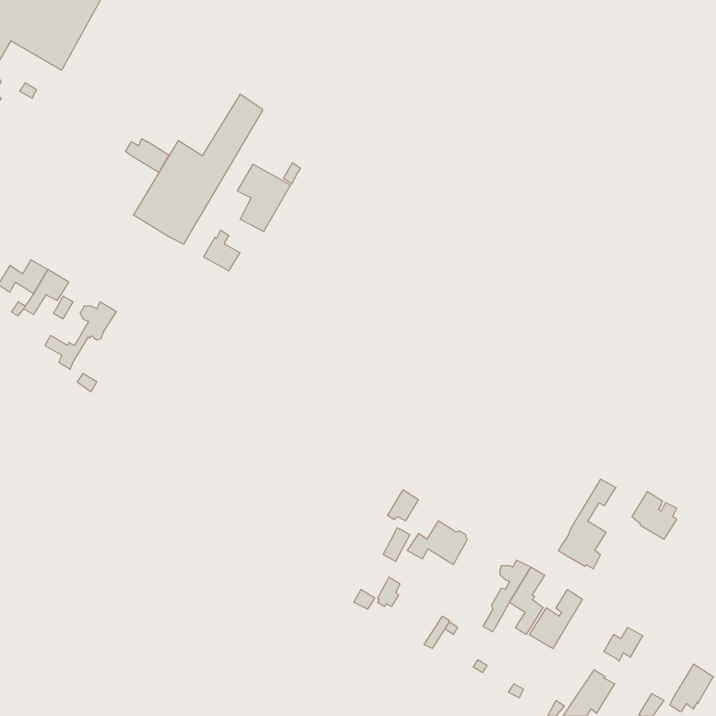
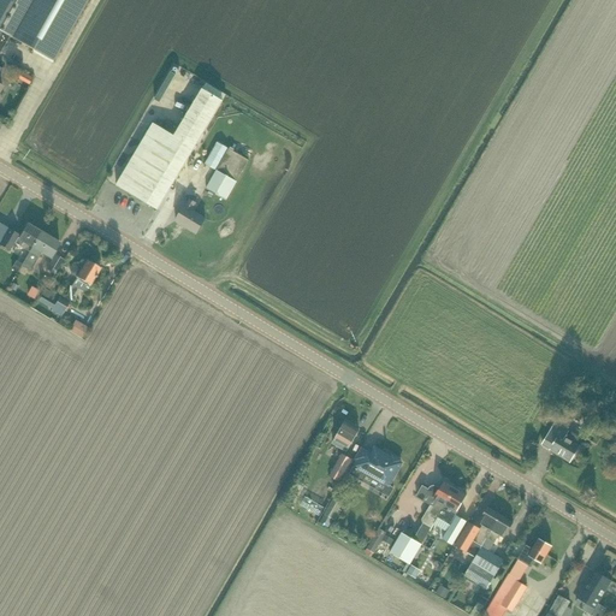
building: [126,139,169,173] -> none
building: [558,479,616,569] -> [463,514,513,591]
building: none -> [389,531,421,563]

